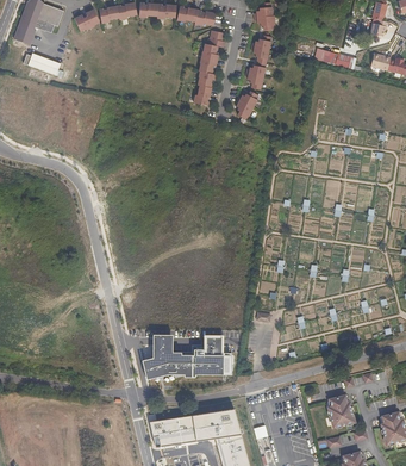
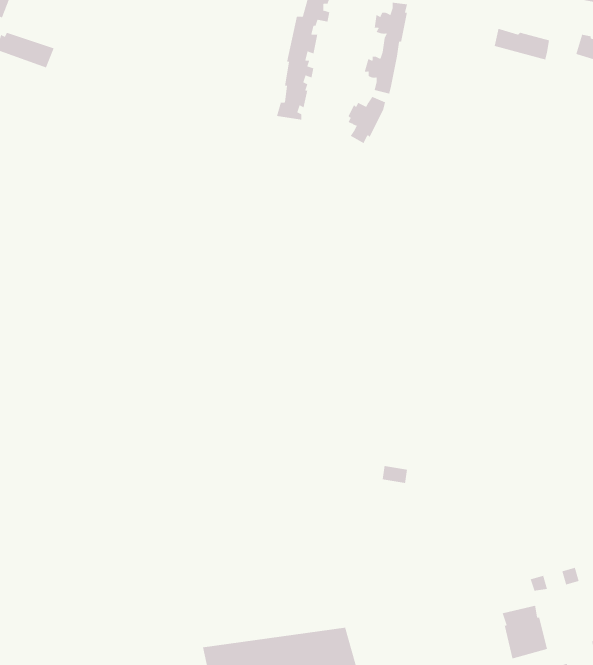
building: [139,333,231,378] -> none

